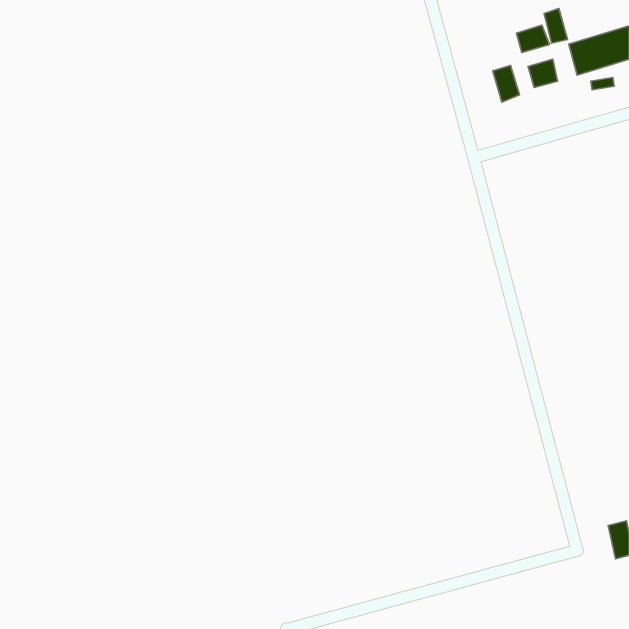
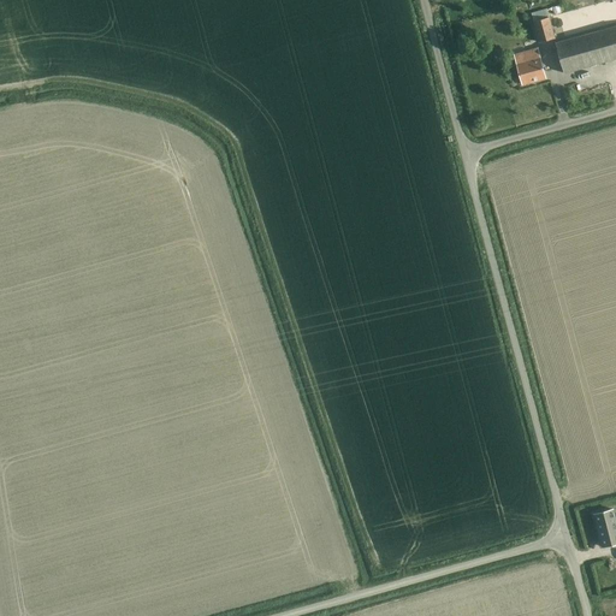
building: [516,25,549,52] -> none
building: [493,66,520,102] -> none

